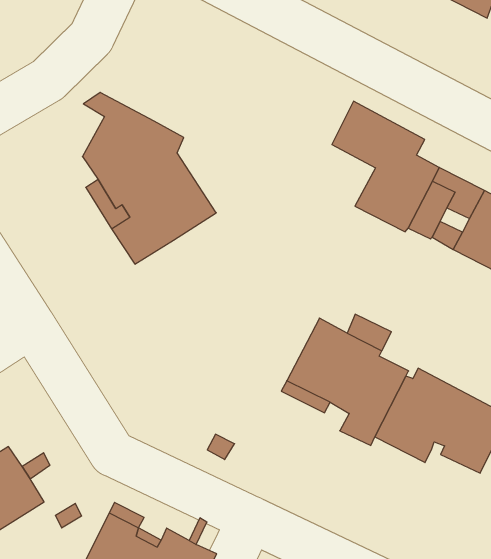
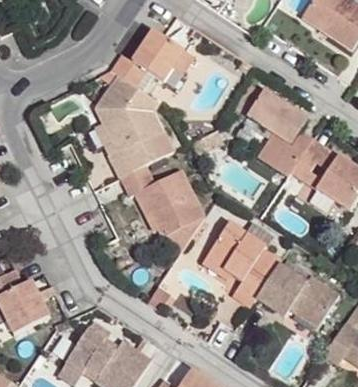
building: none -> [110,29,193,91]
building: none -> [120,165,204,250]

